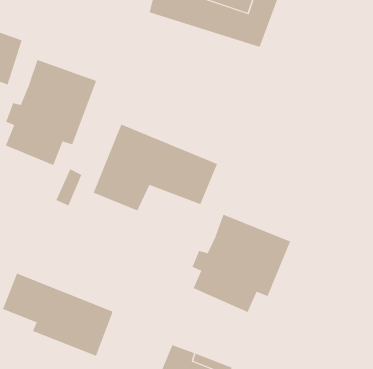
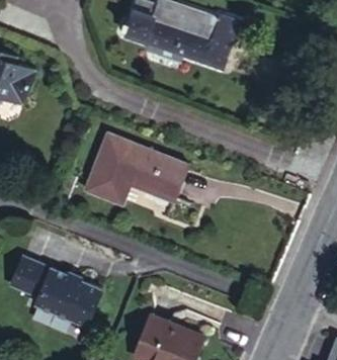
building: [5,59,97,166] -> none
building: [192,214,291,313] -> none

